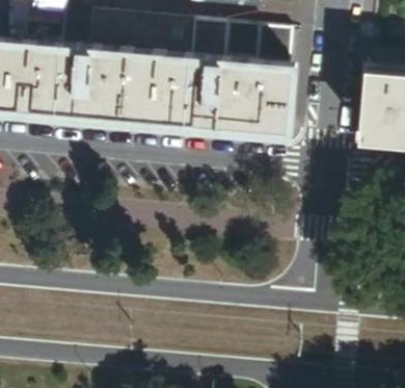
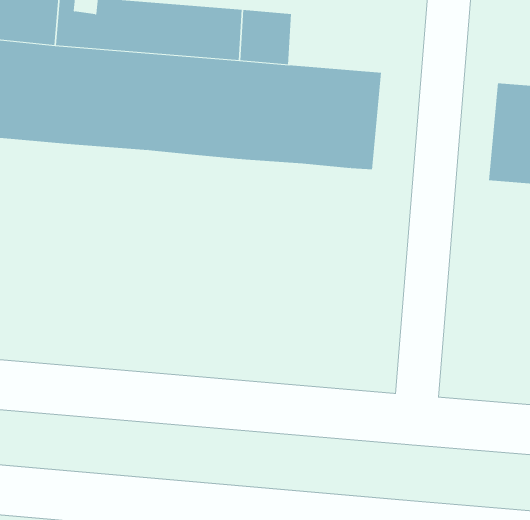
building: [222,29,290,70] -> none

